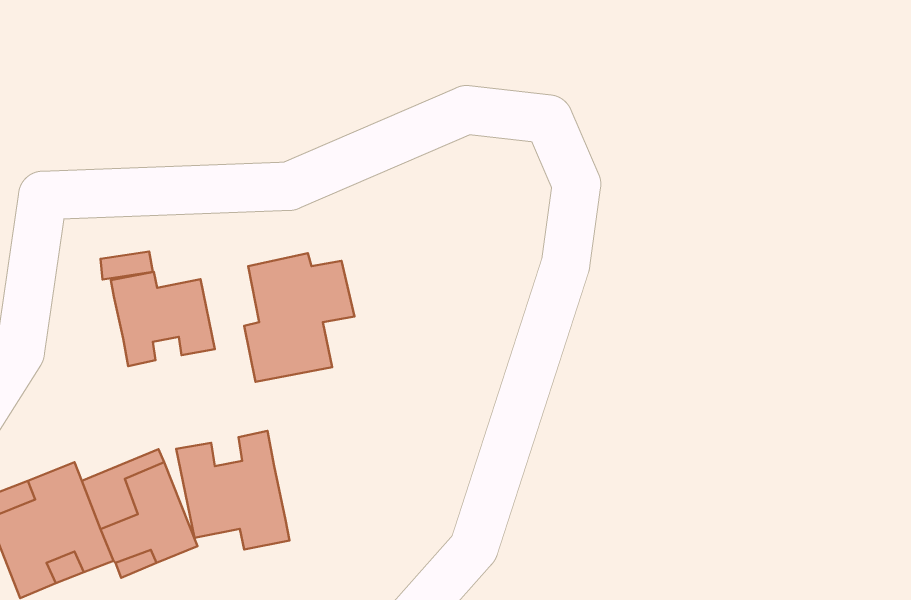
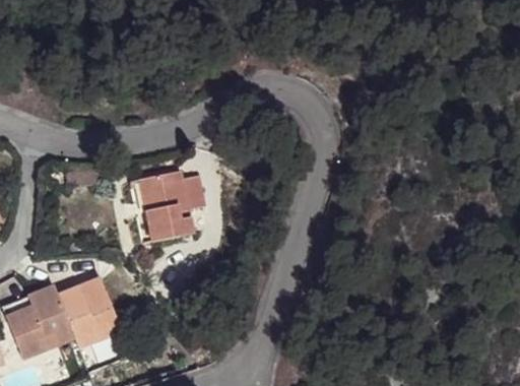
building: [111,272,215,366] -> none
building: [176,431,290,550] -> none

